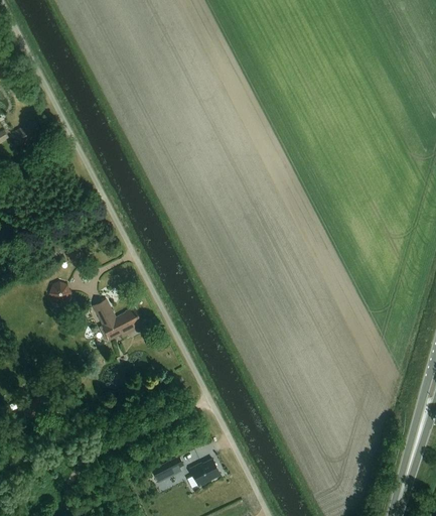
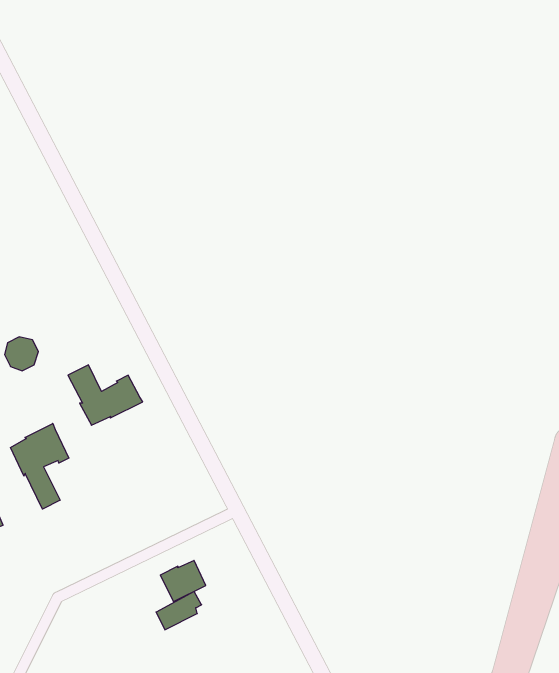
building: none -> [10,423,69,509]
building: [189,458,221,486] -> [160,560,206,602]

